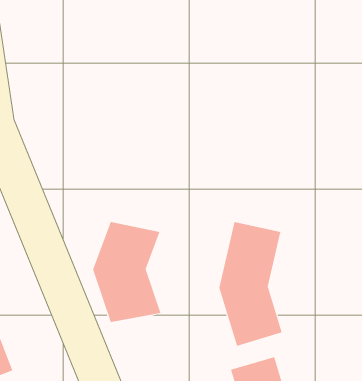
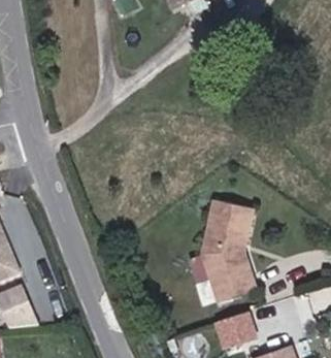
building: [93,221,161,323] -> none

